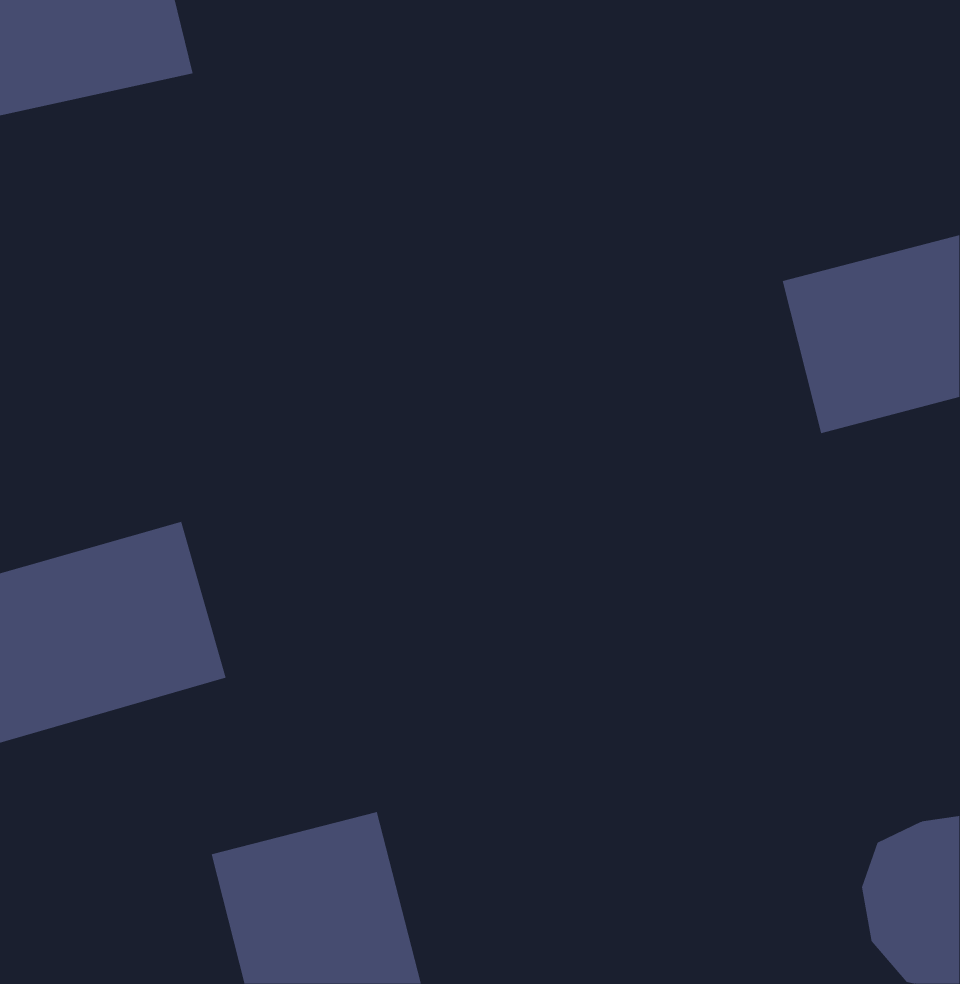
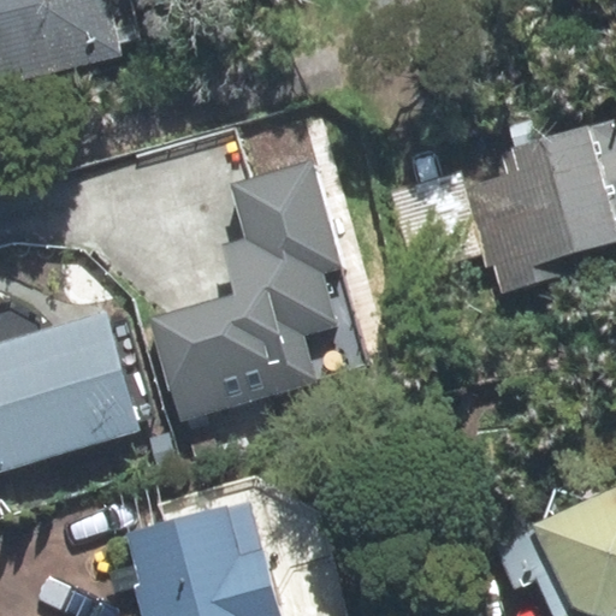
building: none -> [147,164,346,422]

